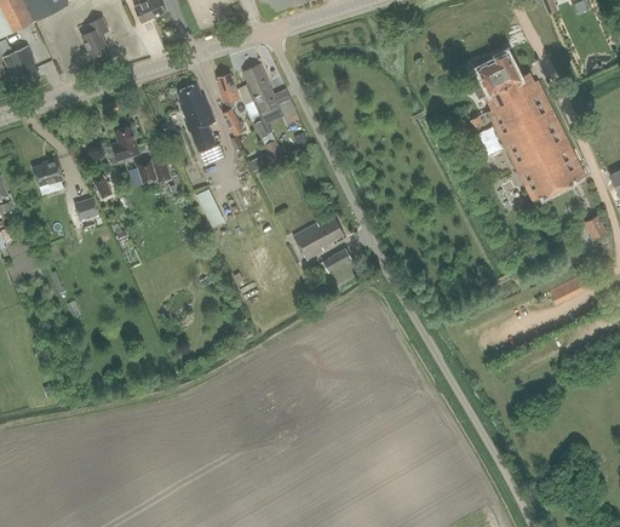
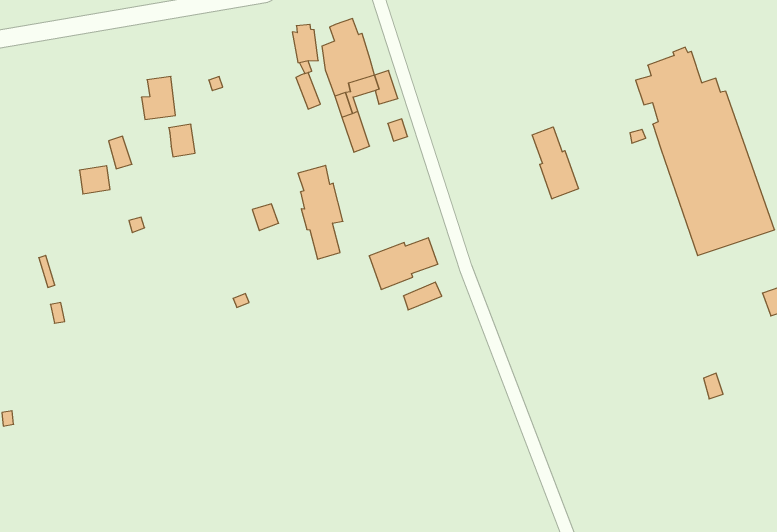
building: [177,84,216,153] -> [298,165,343,259]
building: none -> [532,127,578,199]
building: [33,156,63,187] -> none

